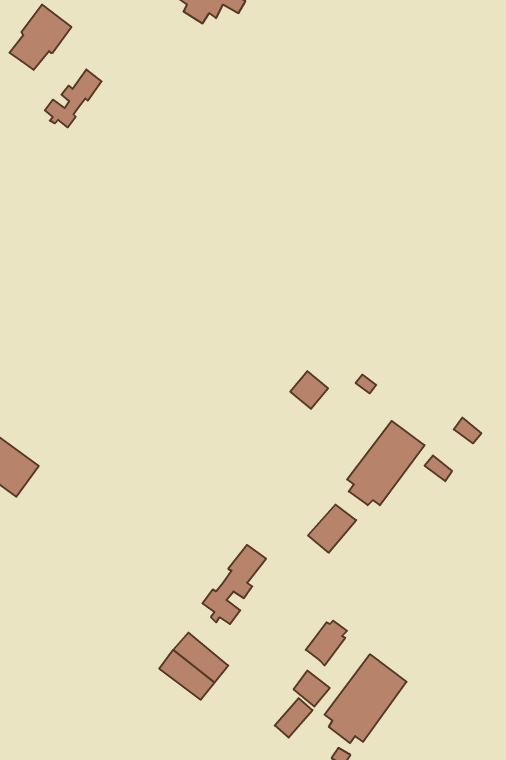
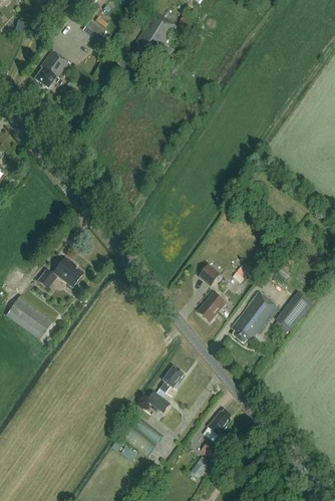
building: [45,69,102,127] -> none
building: none -> [37,256,83,287]
building: [308,505,356,553] -> [198,291,226,319]
building: [325,654,407,743] -> none

